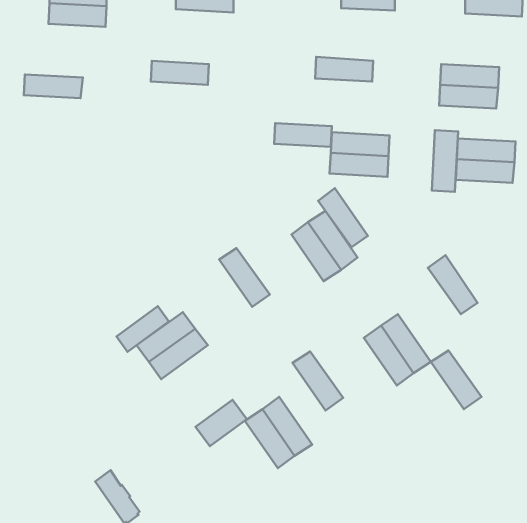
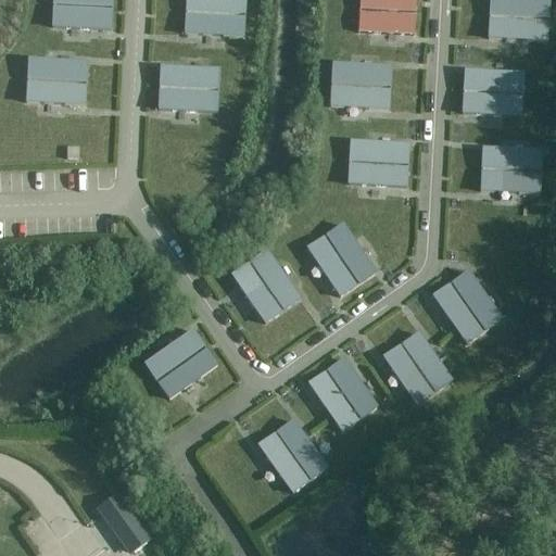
building: none -> [358,9,416,33]
building: none -> [185,10,247,35]
building: none -> [489,14,549,39]
building: none -> [27,56,89,81]
building: none -> [159,86,219,111]
building: [274,123,332,147] -> [331,83,392,108]
building: [432,130,458,192] -> none
building: [318,188,368,247] -> [250,248,302,309]
building: [116,306,169,352] -> none
building: none -> [327,356,379,418]
building: [431,350,482,409] -> [432,281,485,343]
building: [196,400,247,446] -> none

